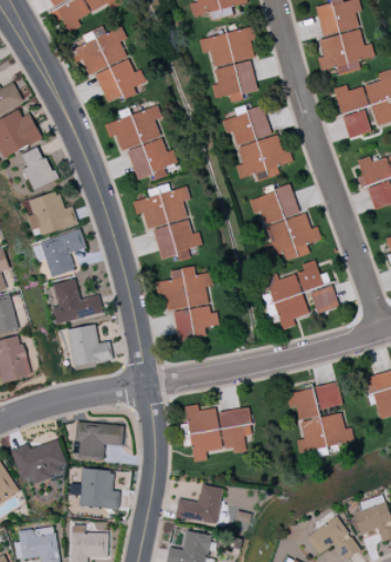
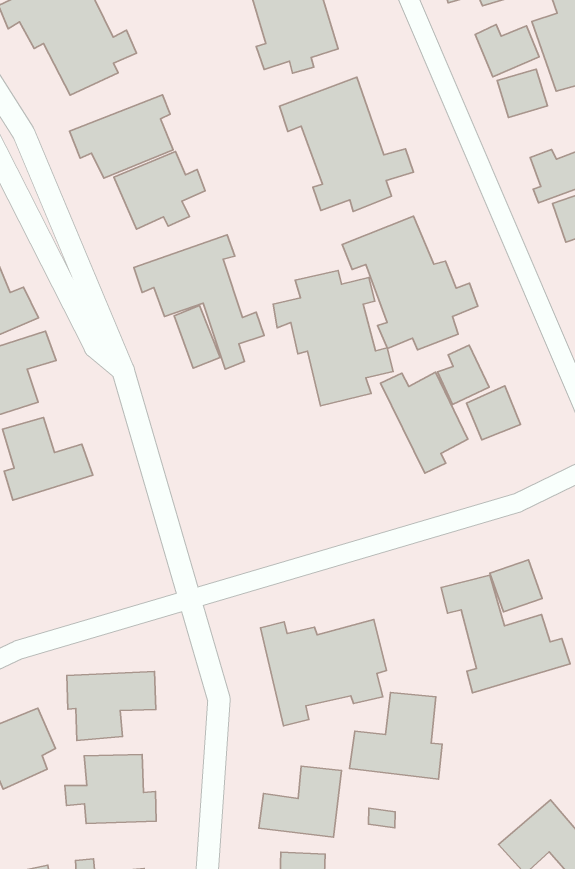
building: [157,267,220,341] -> [273,270,393,406]
building: [67,325,112,367] -> none
building: none -> [350,693,442,779]

